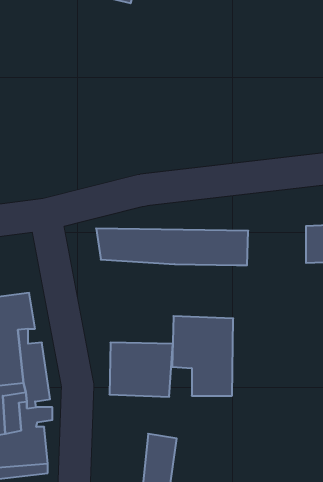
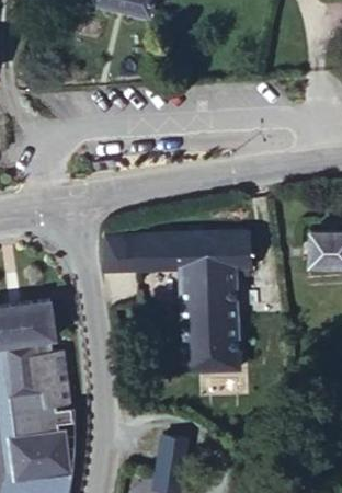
building: [109,343,173,397] -> [183,263,243,314]

